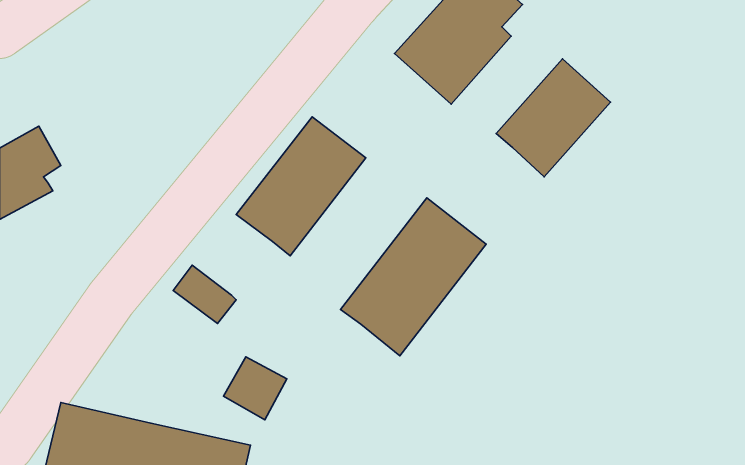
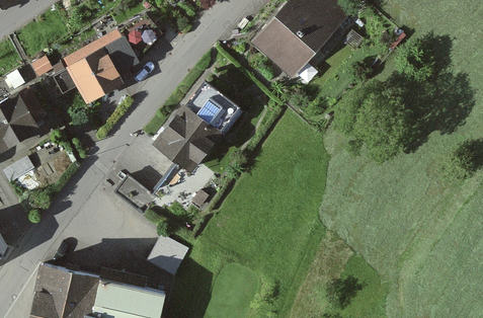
building: none -> [52,15,162,101]
building: [496,59,611,177] -> none
building: [340,198,486,356] -> none

